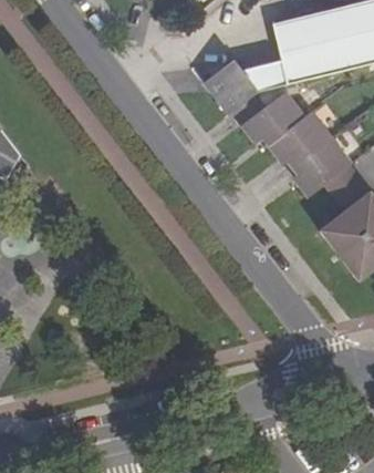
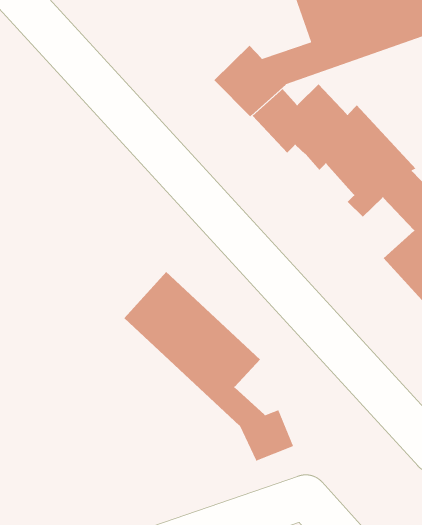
building: none -> [123,271,294,462]

